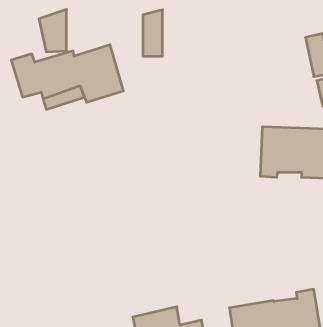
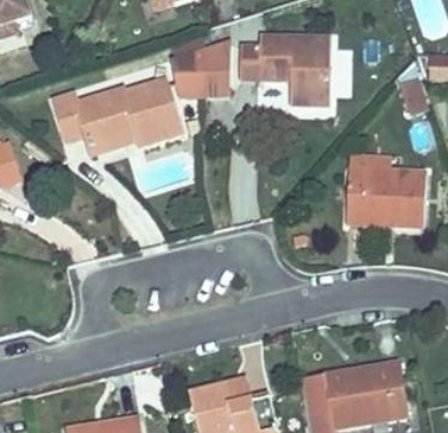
building: none -> [240,33,334,102]
building: [39,10,67,52] -> [175,44,207,93]

